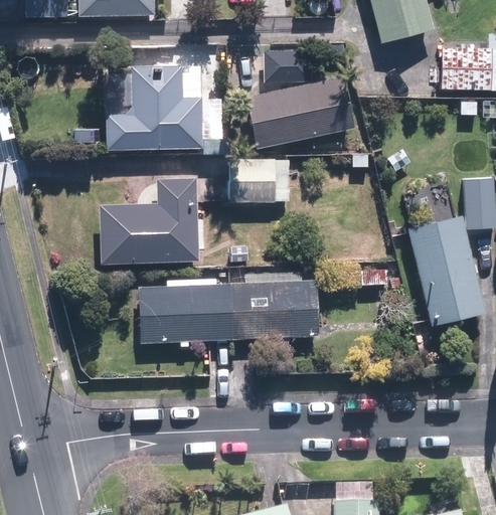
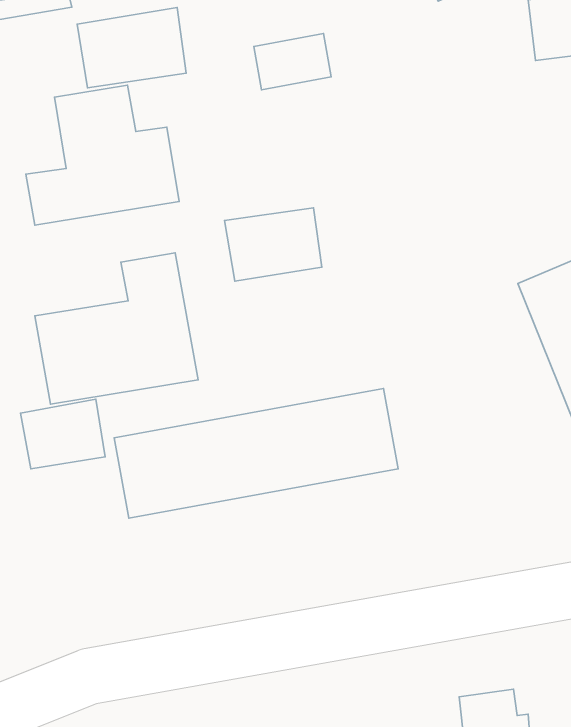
building: none -> [77,8,186,88]
building: [247,77,352,147] -> none
building: none -> [20,399,105,469]

